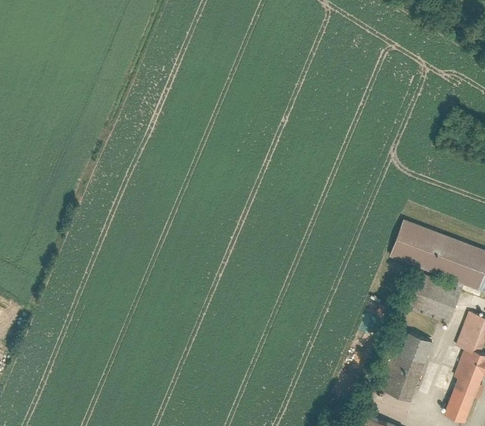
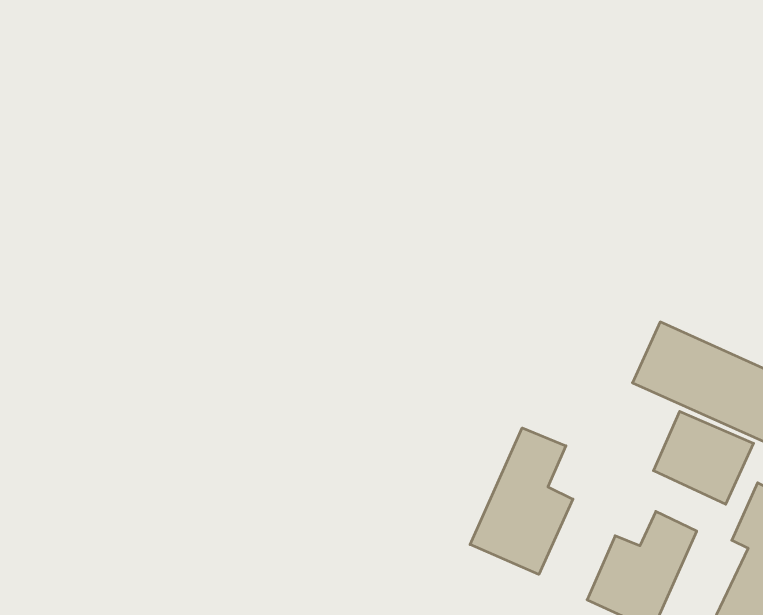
building: none -> [470,428,573,574]

